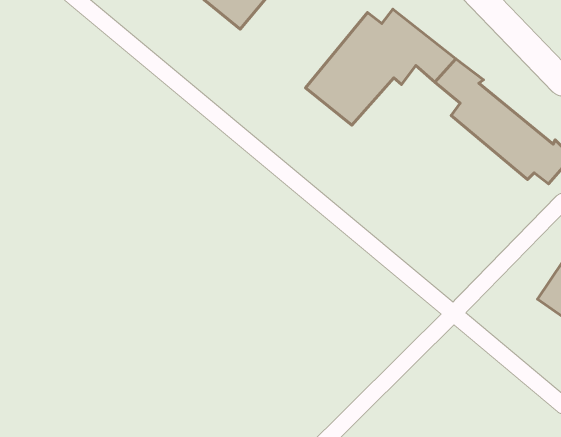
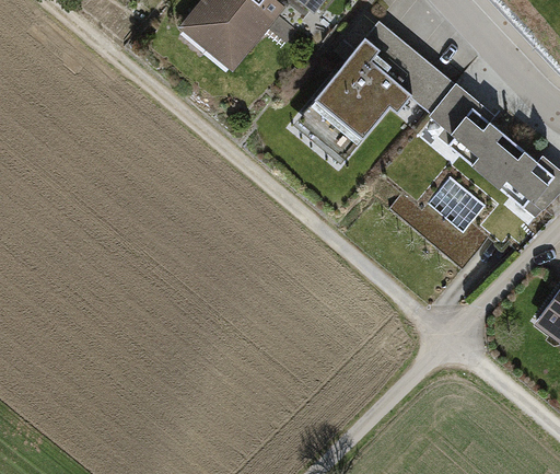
building: none -> [388,163,498,268]

